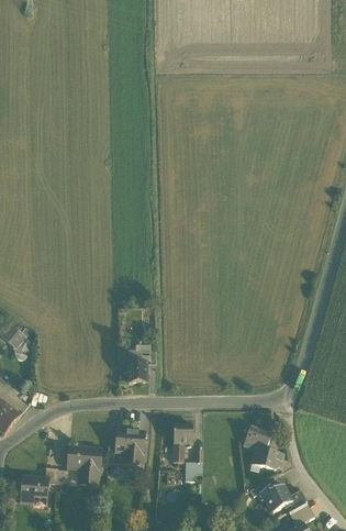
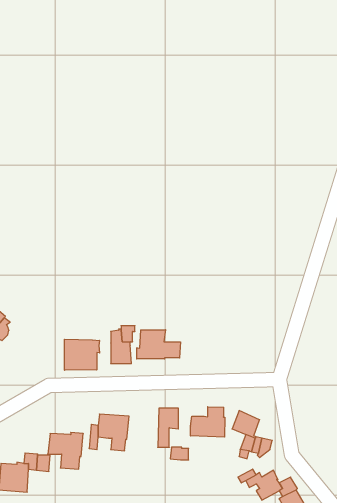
building: none -> [137,330,180,359]
building: none -> [65,339,100,370]
building: none -> [191,407,225,437]

